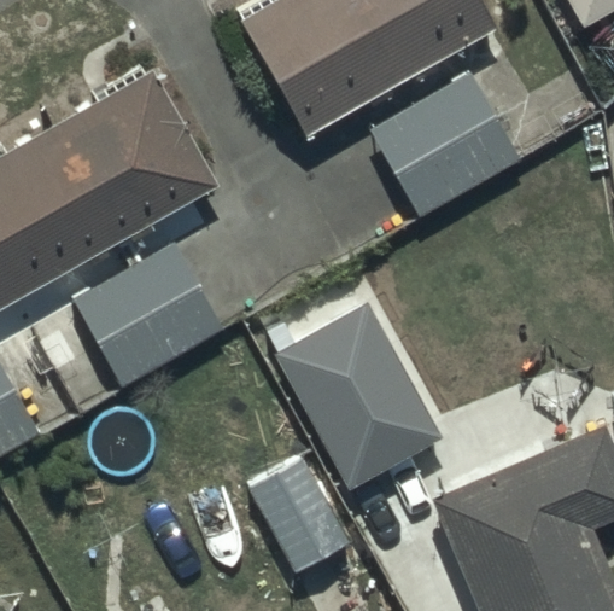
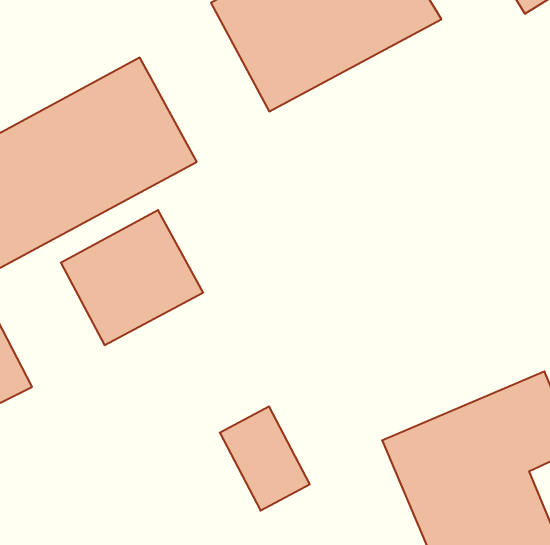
building: [367,68,524,220] -> none
building: [271,299,439,485] -> none

